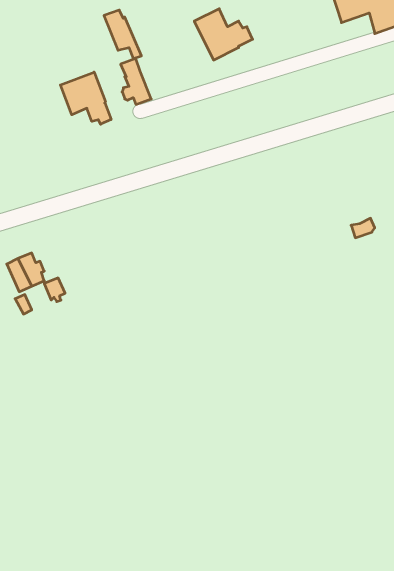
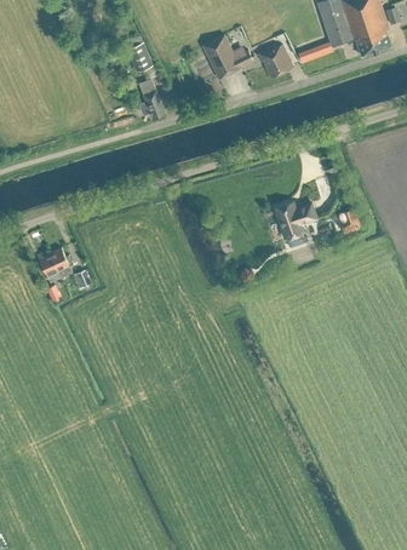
building: none -> [257,44,292,78]
building: [60,72,111,124] -> none
building: none -> [273,201,315,247]

